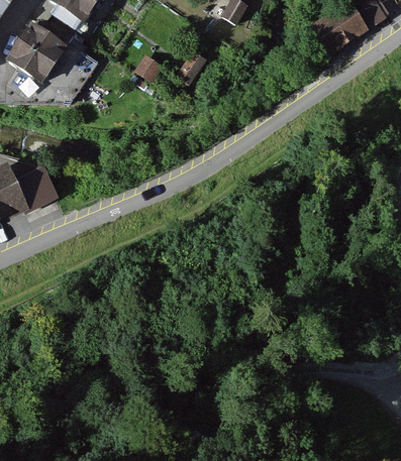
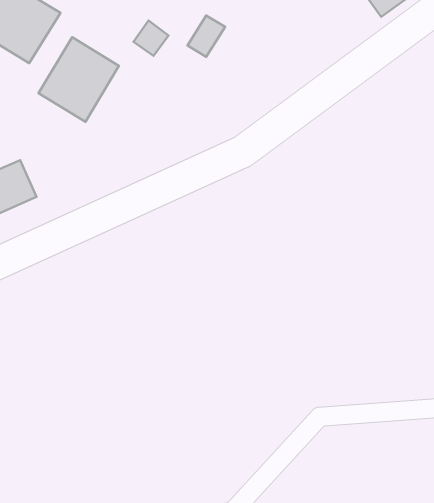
building: none -> [39,37,119,122]

